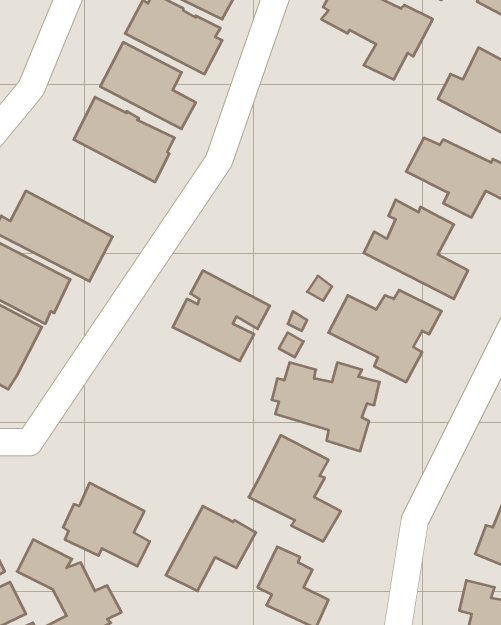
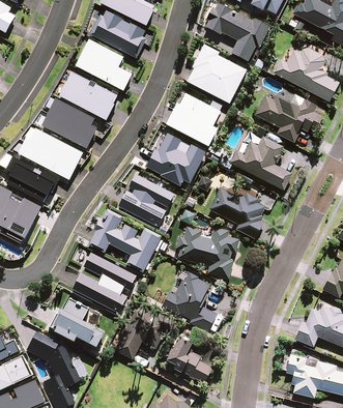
building: none -> [187,43,247,104]
building: none -> [166,92,221,146]
building: none -> [42,97,98,149]
building: none -> [146,133,206,185]
building: none -> [90,212,160,269]
building: none -> [73,252,136,312]

